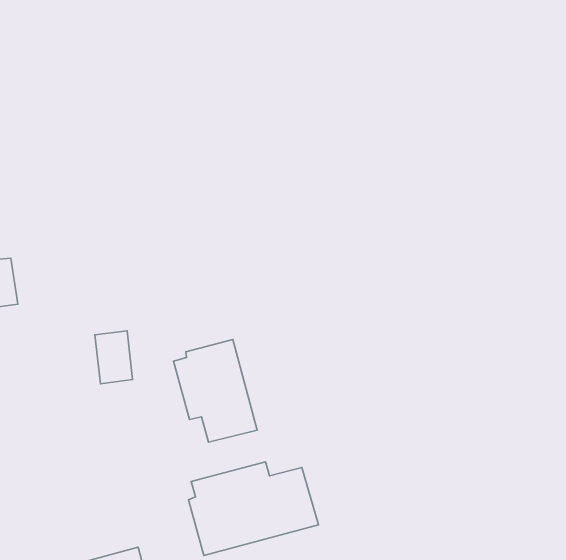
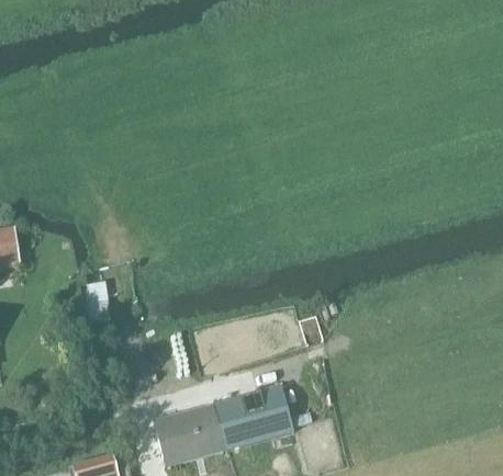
building: [174,339,257,442] -> none
building: none -> [247,397,282,431]

